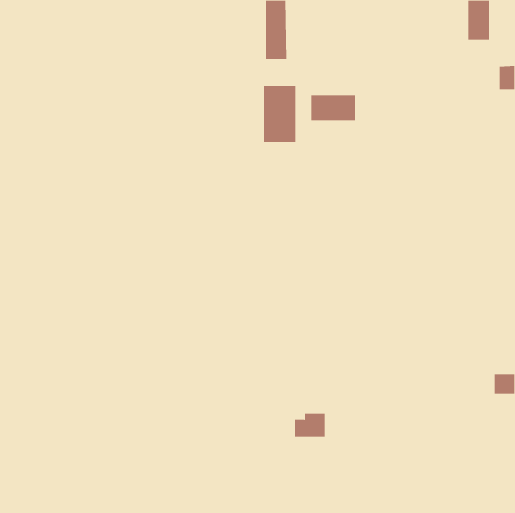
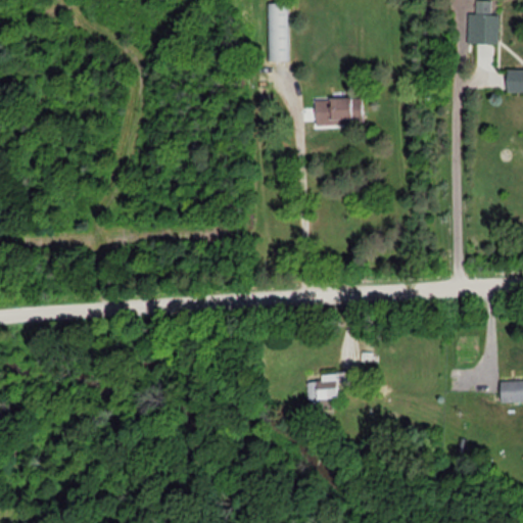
building: [263,85,296,143] -> none
building: [294,413,325,437] -> [311,375,342,399]

